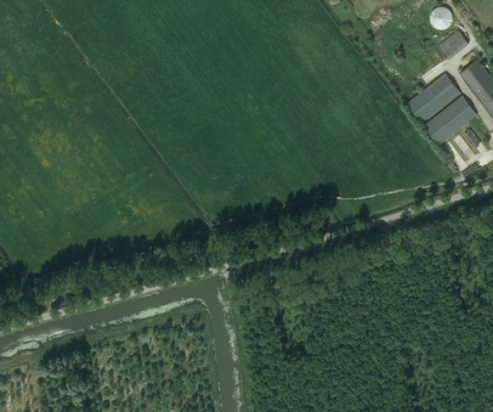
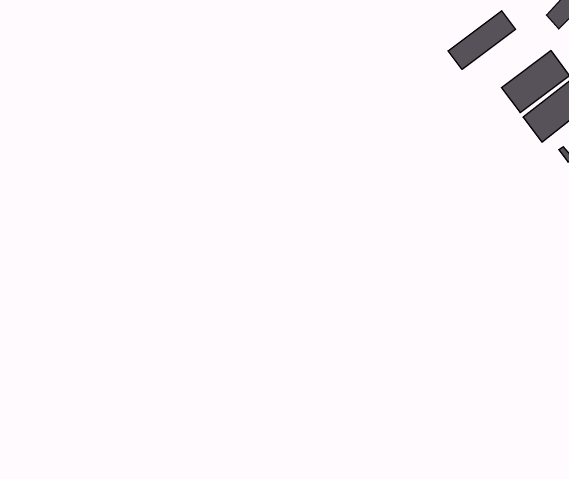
building: none -> [448,11,516,69]

